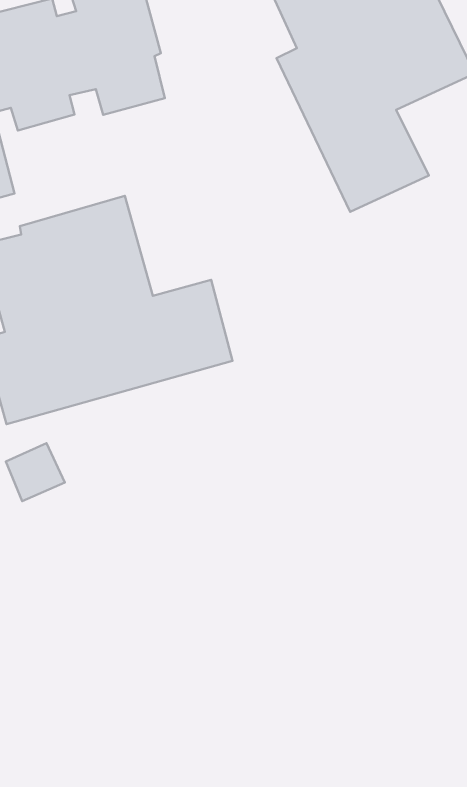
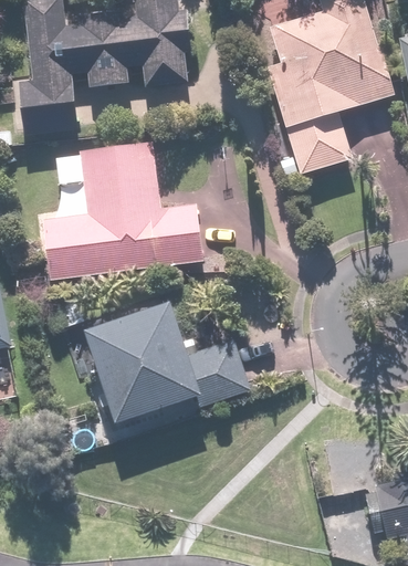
building: none -> [90,301,252,422]

